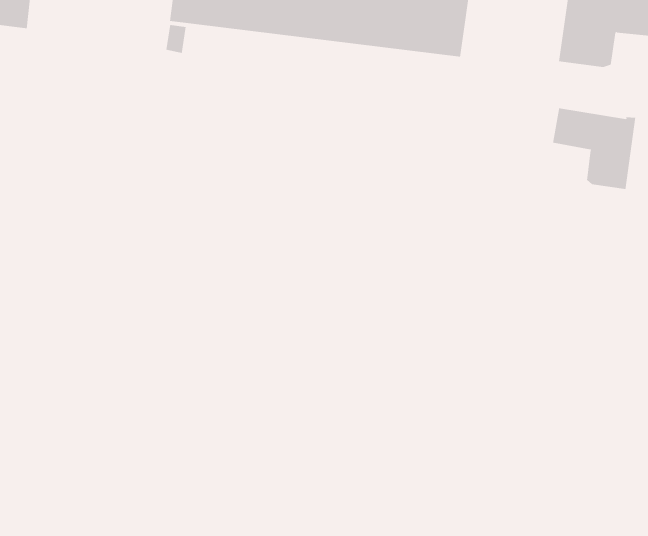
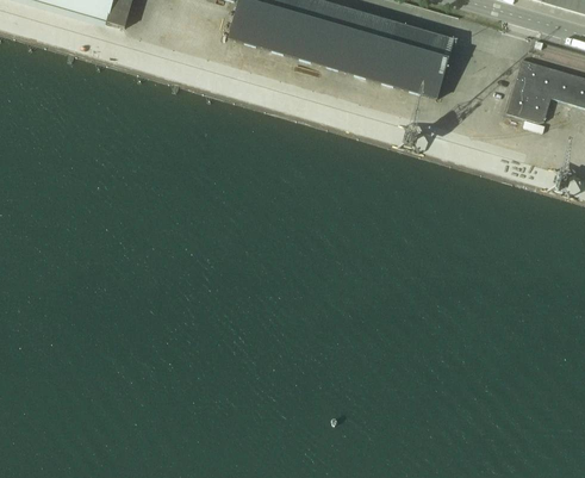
building: [552,107,636,190] -> none

